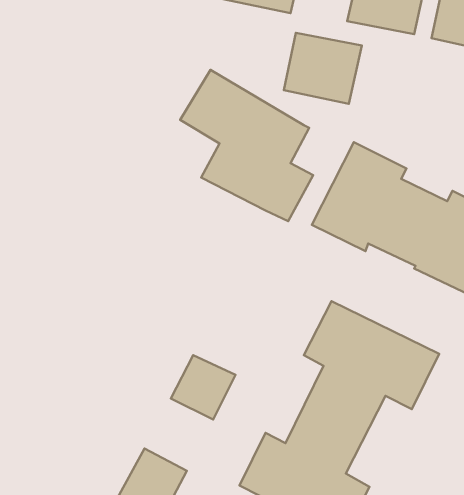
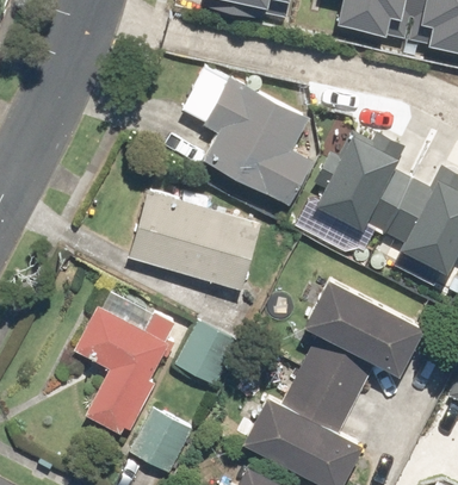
building: [284,33,362,104] -> none
building: none -> [130,192,259,292]
building: none -> [79,311,169,436]

